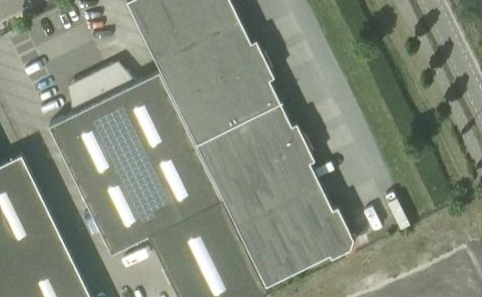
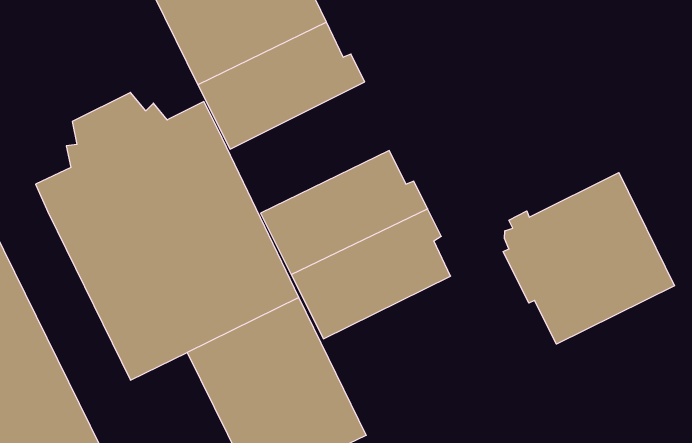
building: [176,59,281,145] -> none
building: none -> [503,173,675,344]
building: [237,187,351,287] -> none

